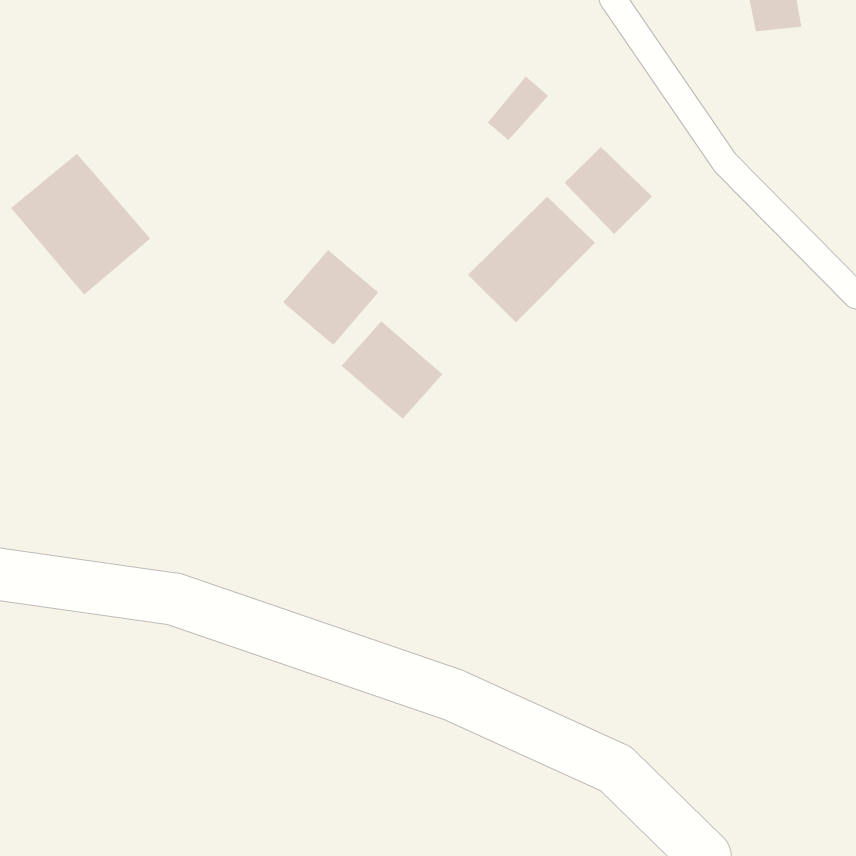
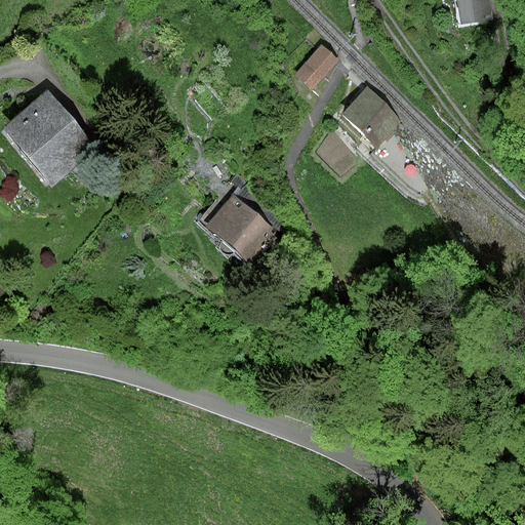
building: [467,196,596,323] -> none
building: [282,249,379,346] -> none

